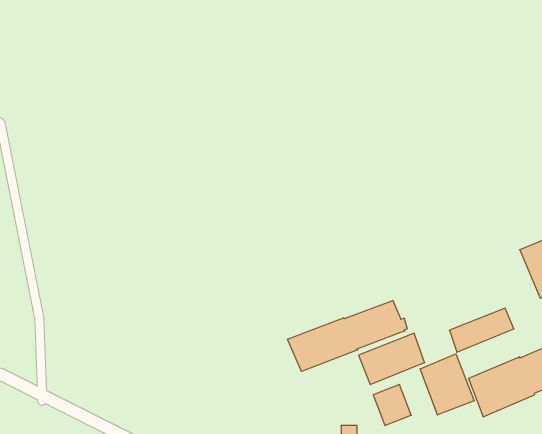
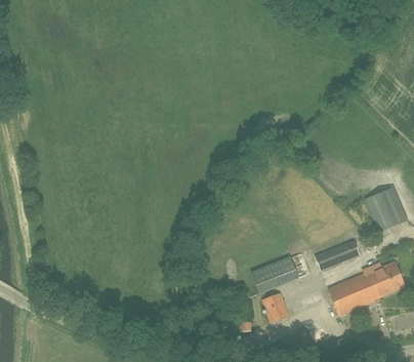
building: [288,300,407,371] -> none
building: [420,354,474,415] -> none

